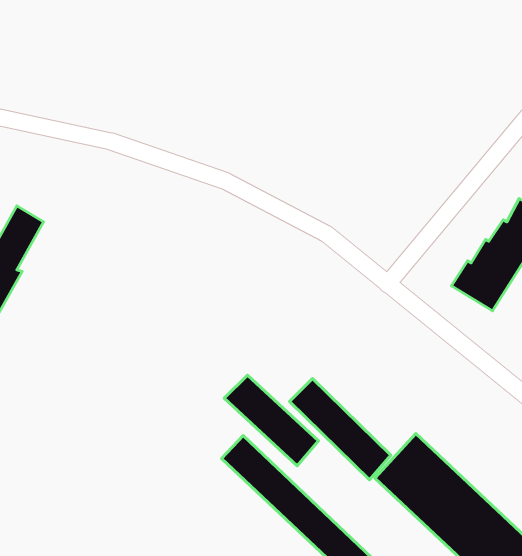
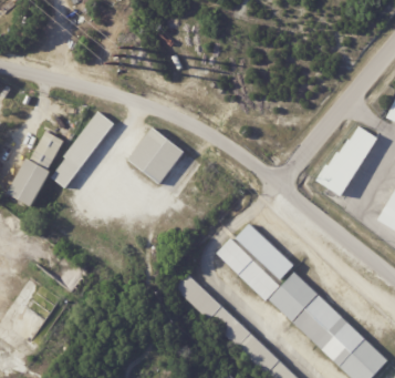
building: none -> [51,111,114,186]
building: none -> [128,126,185,183]
building: [224,375,319,466] -> [236,223,294,279]

